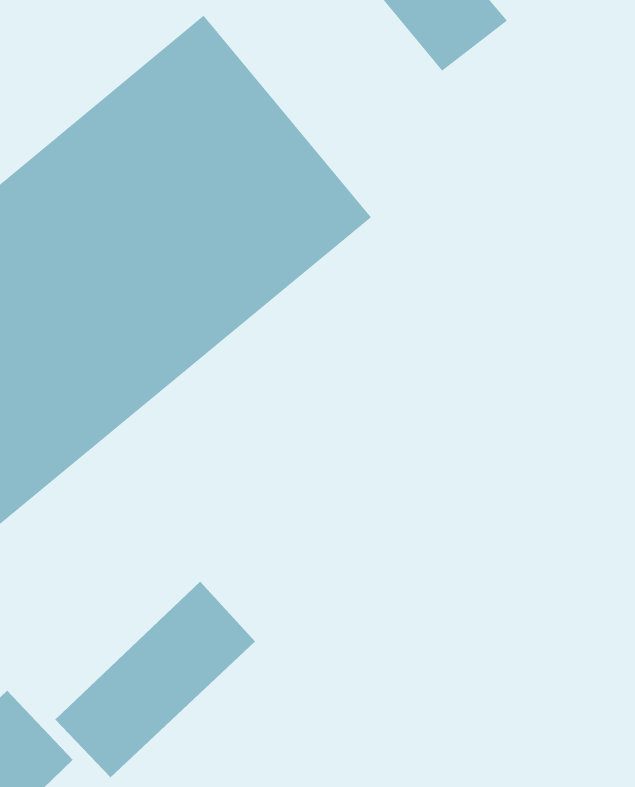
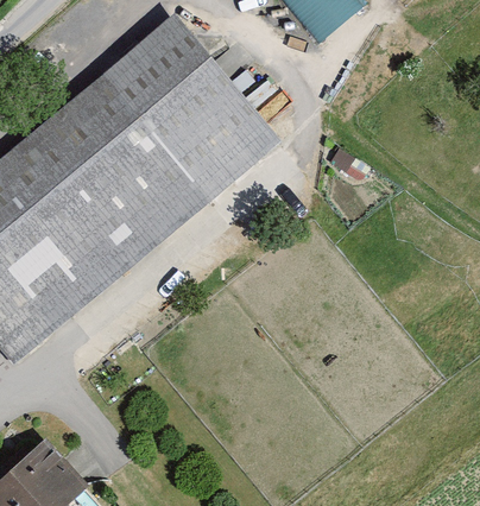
building: [54,581,256,778] -> none

